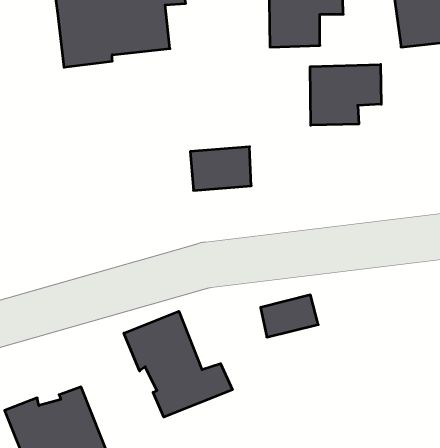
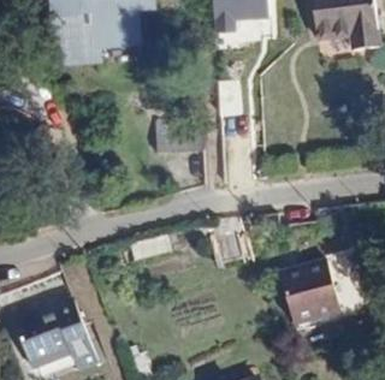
building: [310,64,381,125] -> none
building: [124,311,232,417] -> none
building: none -> [279,261,339,326]

